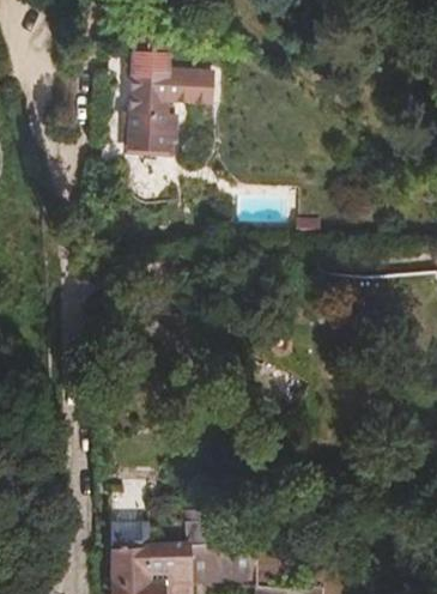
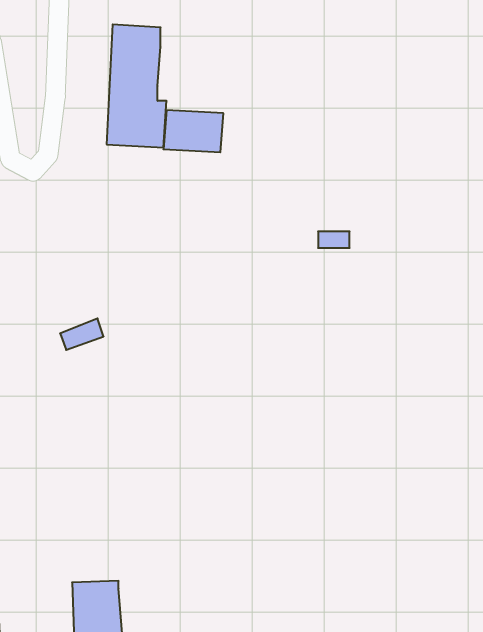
building: [170,71,218,104] -> [163,110,223,152]

